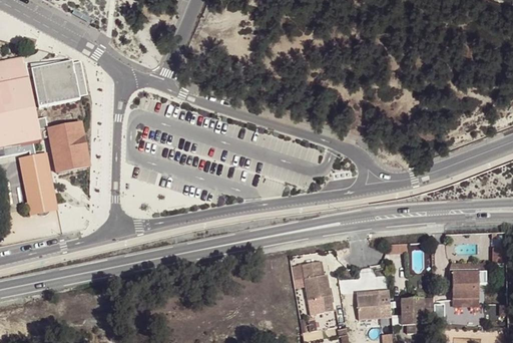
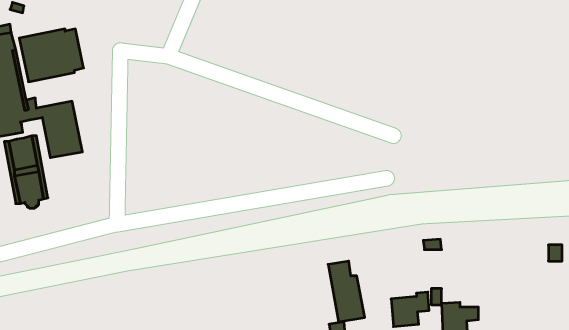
building: [451,272,485,306] -> none

